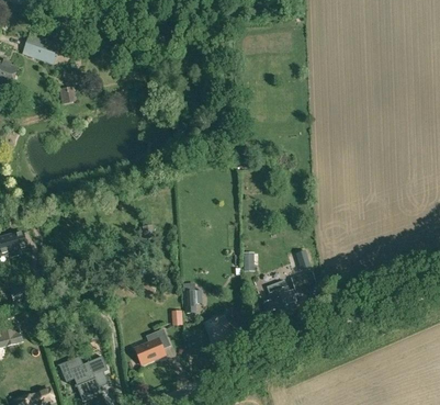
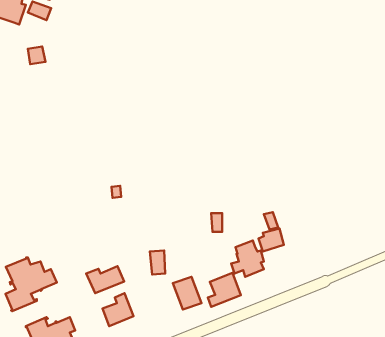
building: none -> [6,257,57,311]
building: none -> [86,266,124,293]
building: none -> [208,273,241,307]

